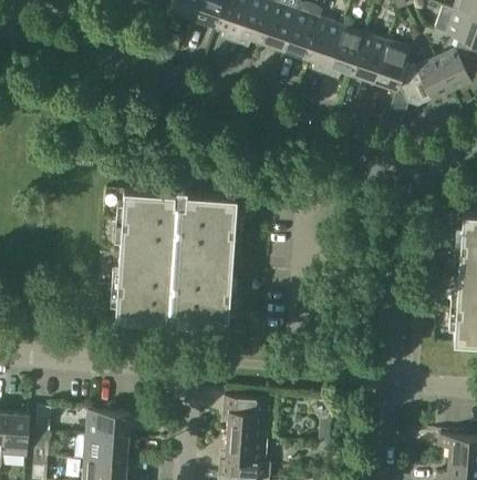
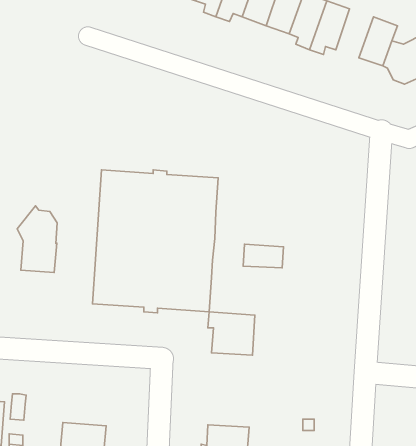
building: [351,33,387,81] -> none
building: none -> [17,206,57,273]
building: none -> [243,244,283,268]
building: [224,397,269,439] -> [208,312,255,355]
building: [86,410,129,438] -> none

